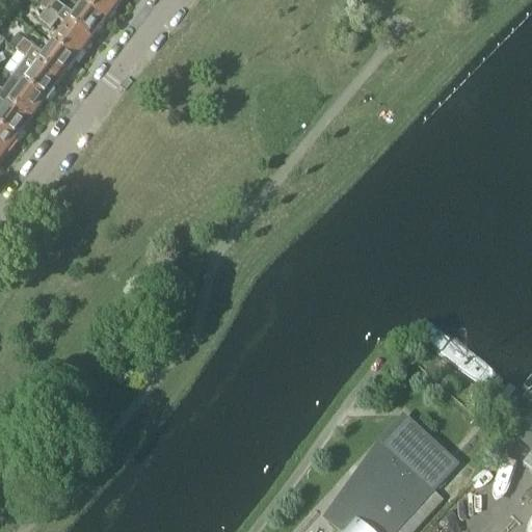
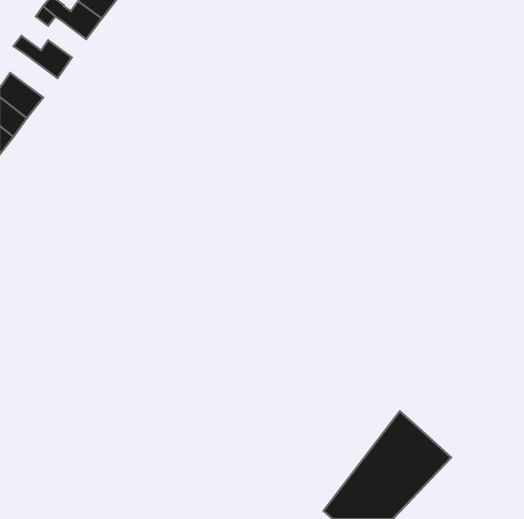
building: [49,22,87,58] -> none
building: [10,55,58,99] -> none

